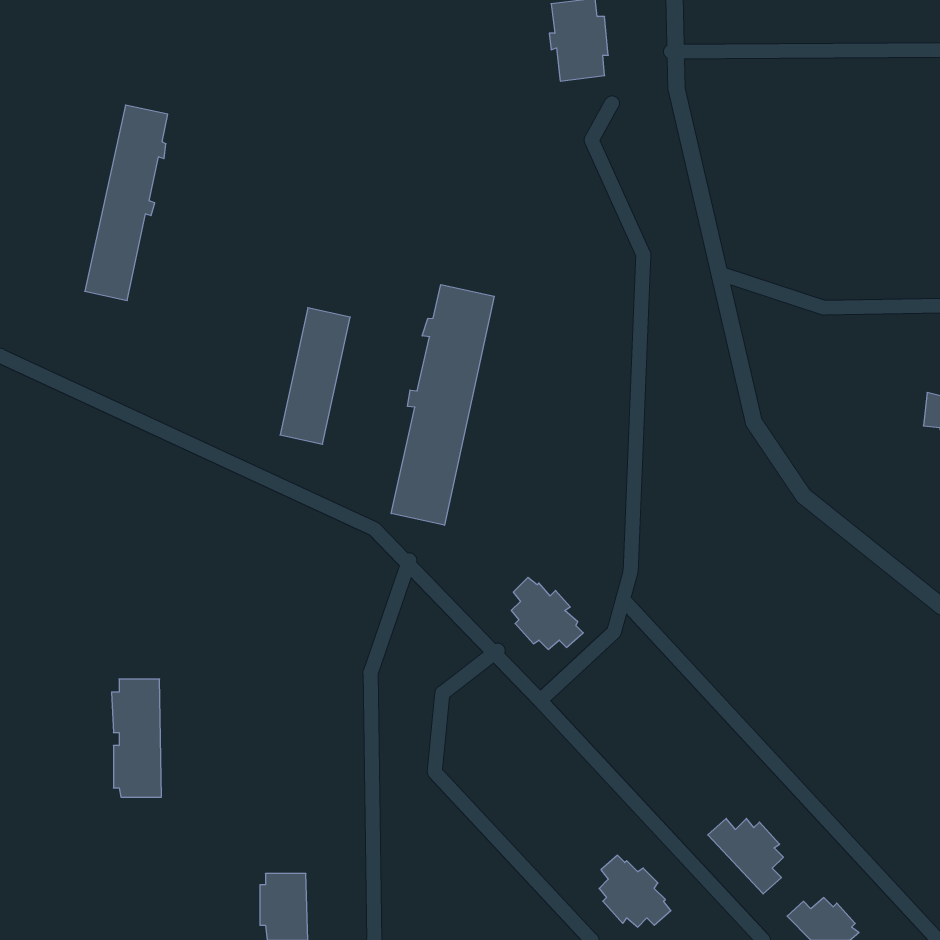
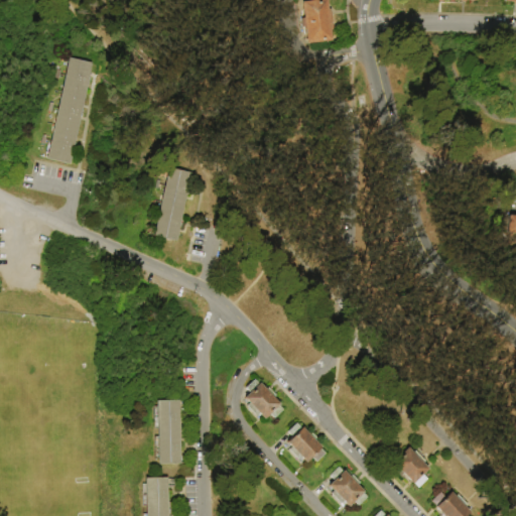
building: [391,285,494,525] -> none
building: [511,577,583,649] -> [245,380,284,419]
building: [112,679,161,797] -> [154,400,181,465]
building: none -> [286,423,327,463]

